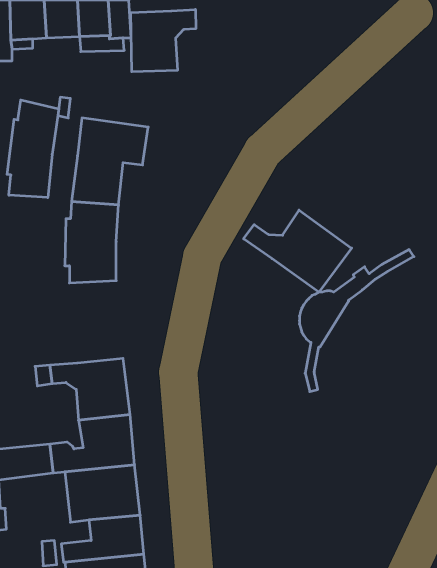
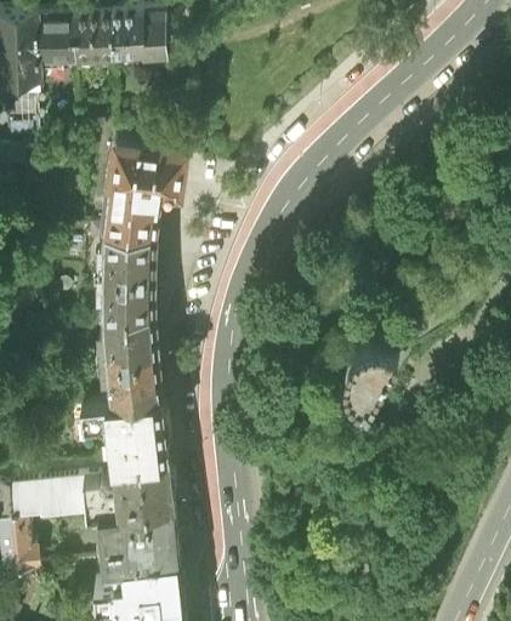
building: [131,9,196,72] -> none
building: [7,100,59,198] -> none
building: [244,210,352,292] -> none
building: none -> [96,315,157,403]

